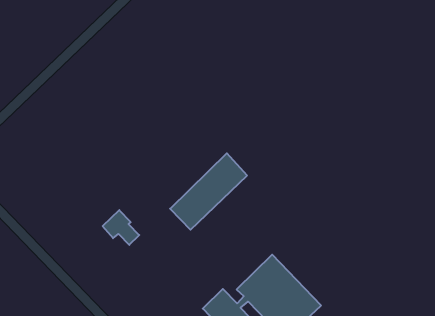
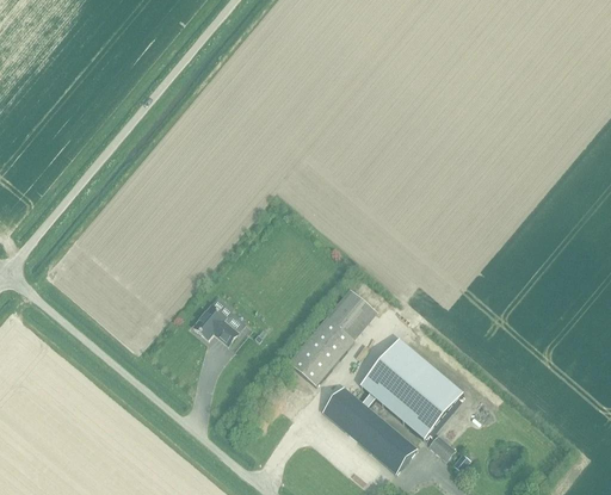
building: [170,153,247,230] -> [288,289,376,385]

